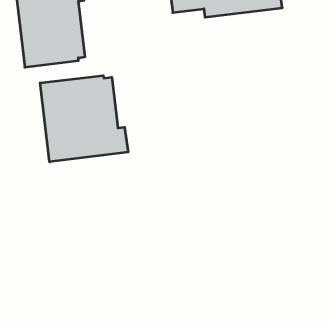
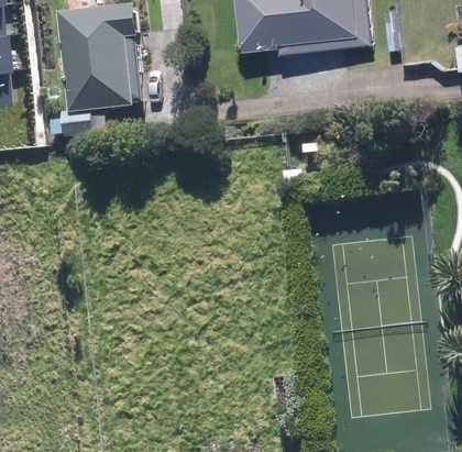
building: [40,76,128,162] -> none

